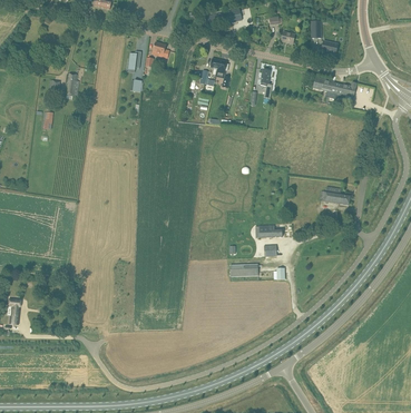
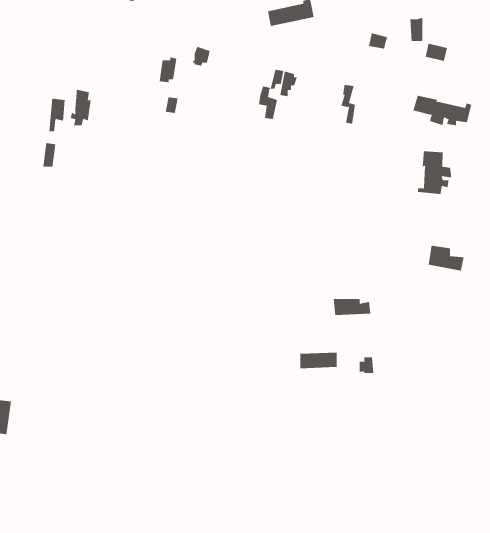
building: none -> [417,150,452,195]

